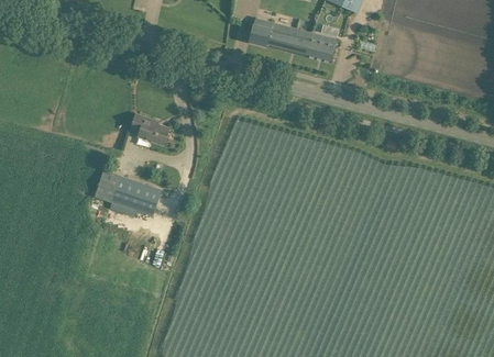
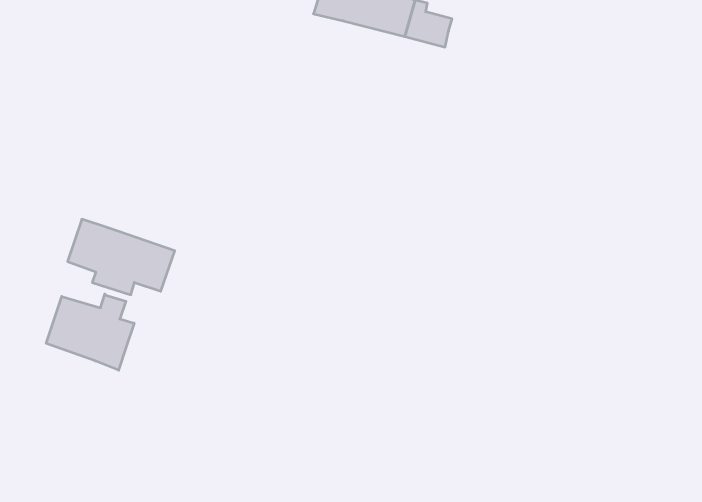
building: [131,114,169,145] -> none
building: none -> [46,294,134,370]

